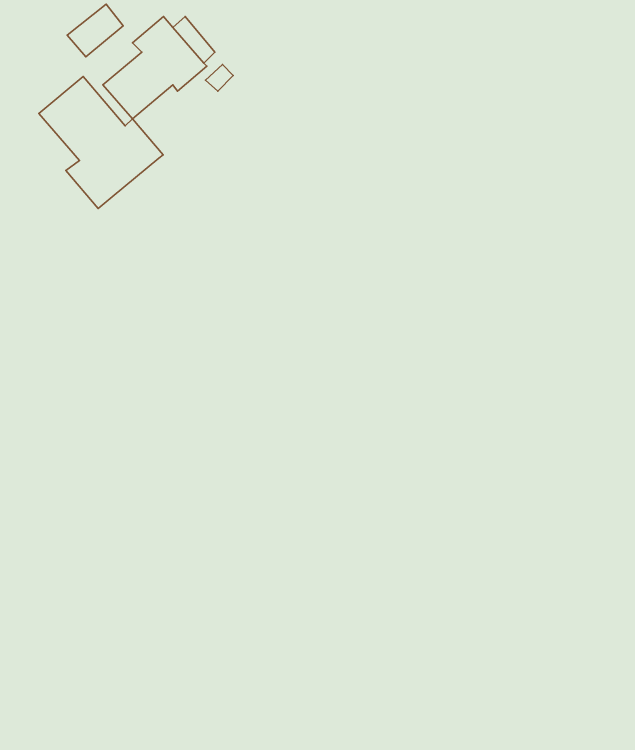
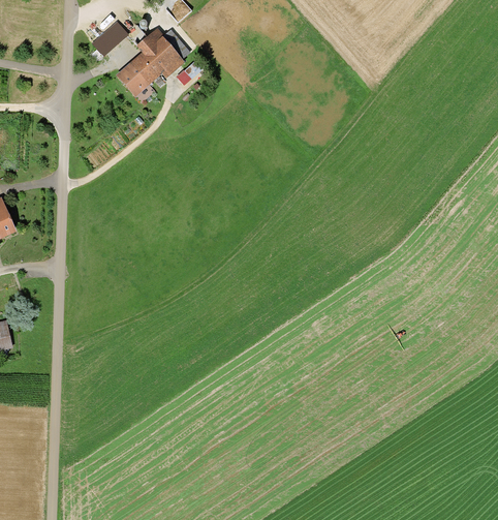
building: [39,76,163,209] -> none

